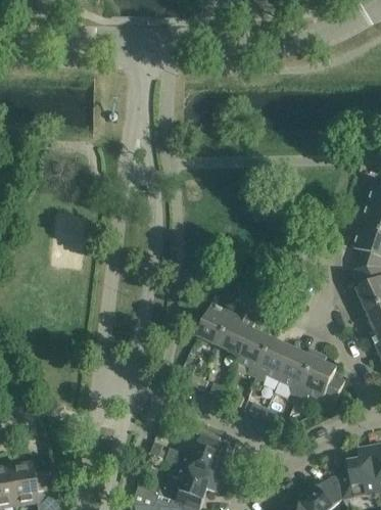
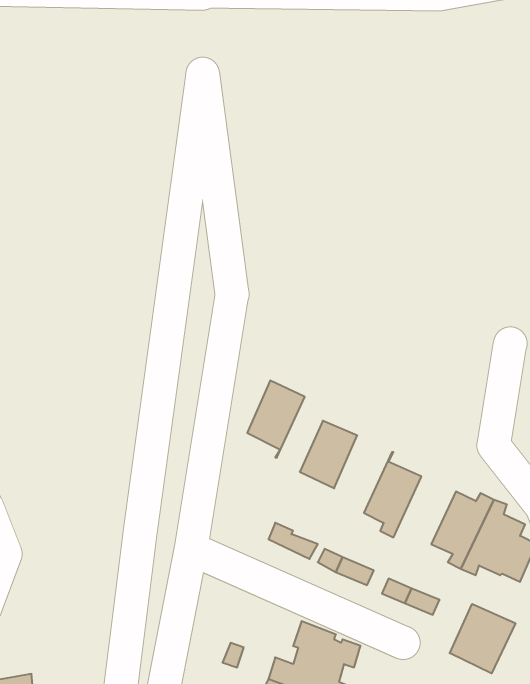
building: [221,314,256,362] -> [247,380,305,458]
building: [257,339,296,381] -> none
building: none -> [450,604,515,673]

